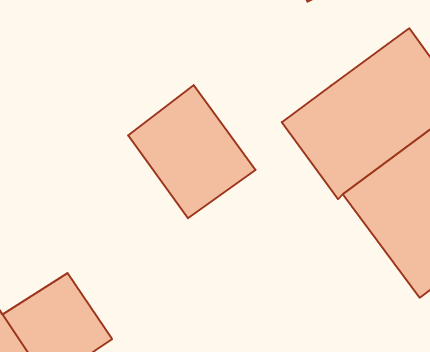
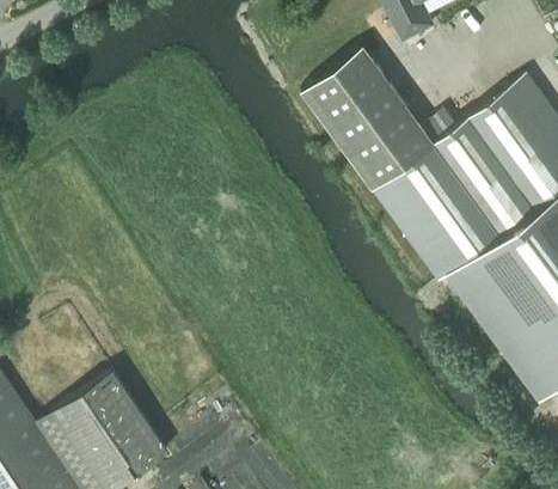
building: none -> [301,49,431,190]
building: [128,85,256,218] -> none

